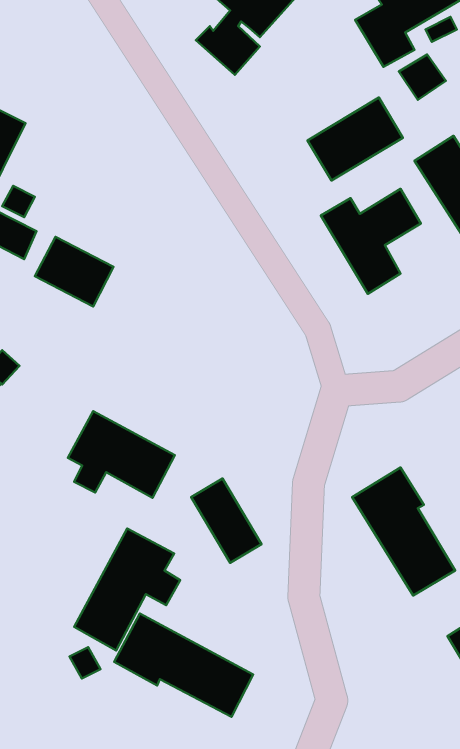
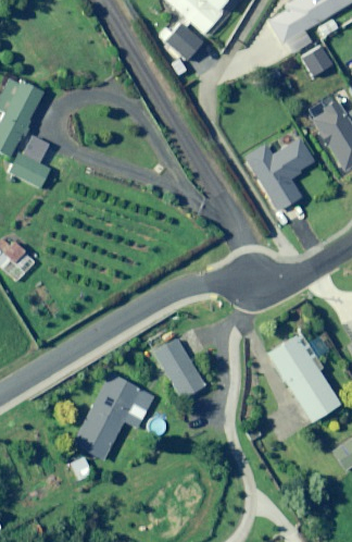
building: [308,98,403,180] -> none
building: [35,237,114,306] -> none
building: [68,411,175,498] -> none
building: [114,613,253,717] -> none

